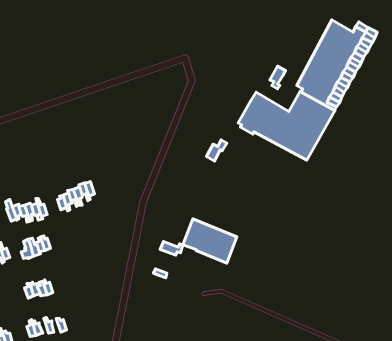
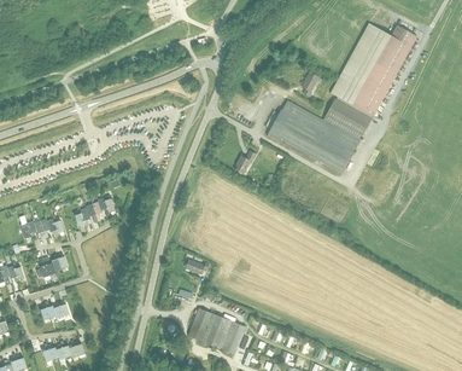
building: [183,219,237,263] -> [187,308,245,355]

